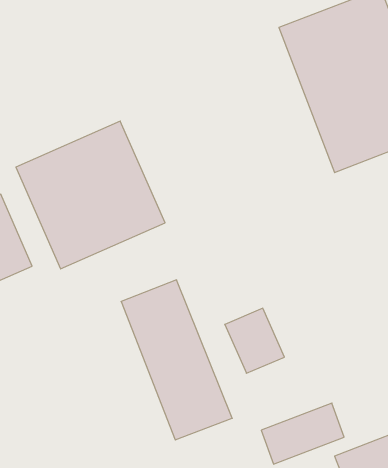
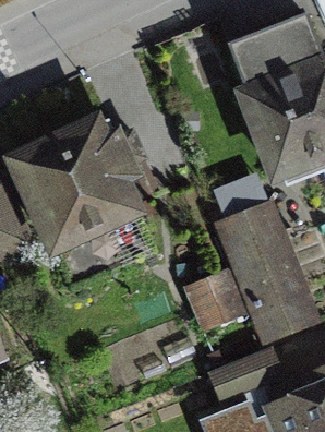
building: [121,280,232,440] -> [222,208,312,337]

